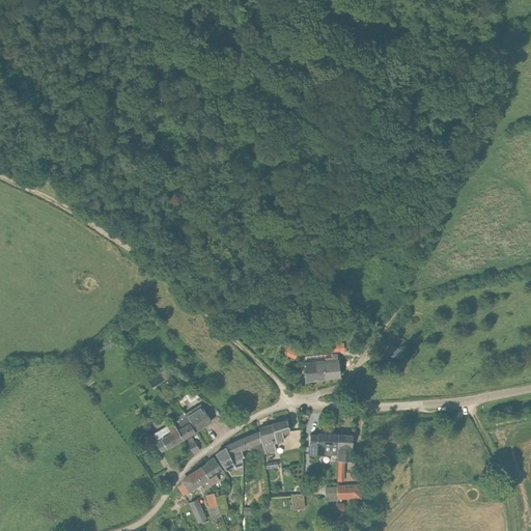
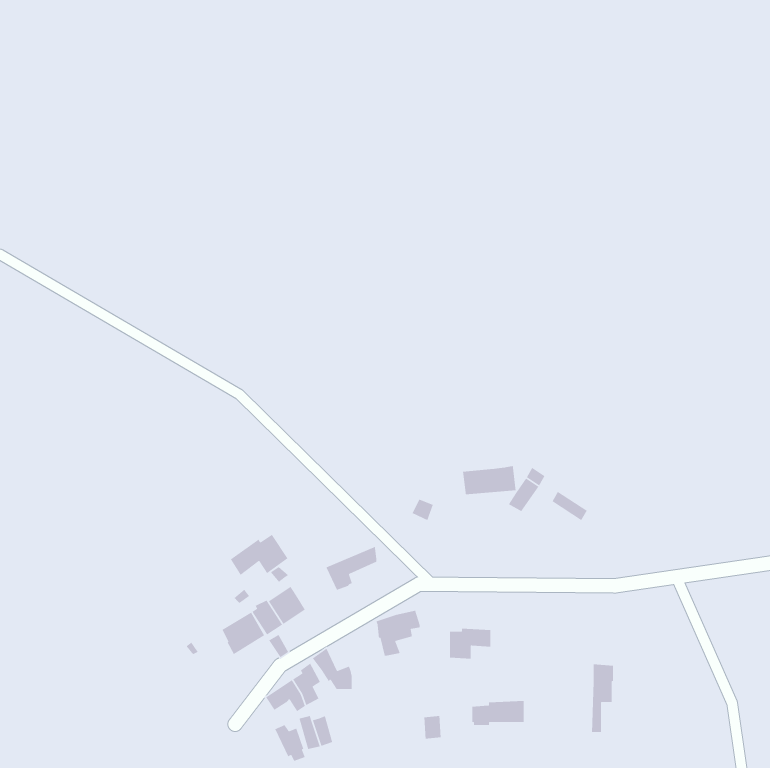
building: [303,359,340,380] -> [462,465,516,495]
building: none -> [230,534,288,576]
building: [225,430,260,462] -> [326,546,377,591]
building: [337,434,353,481] -> [591,664,614,733]

